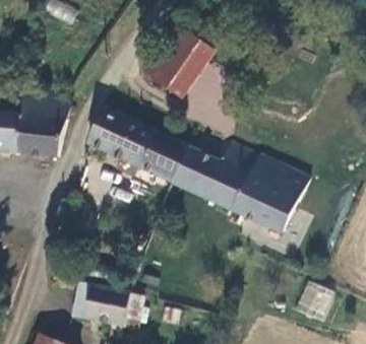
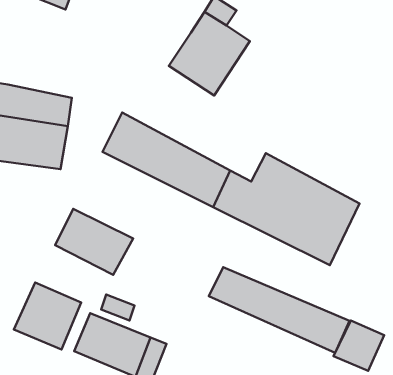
building: none -> [55,209,133,275]
building: none -> [209,267,349,353]
building: none -> [14,282,81,349]

